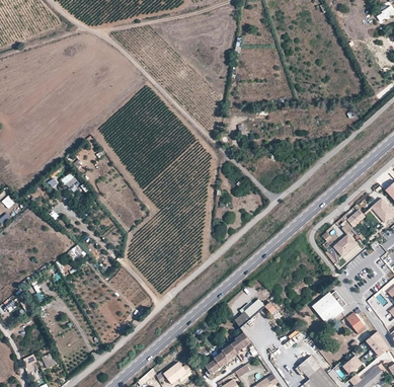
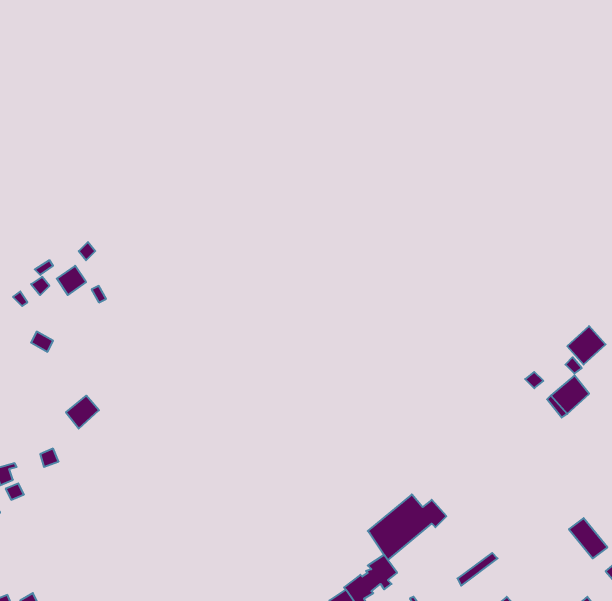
building: [311,291,346,325] -> none

